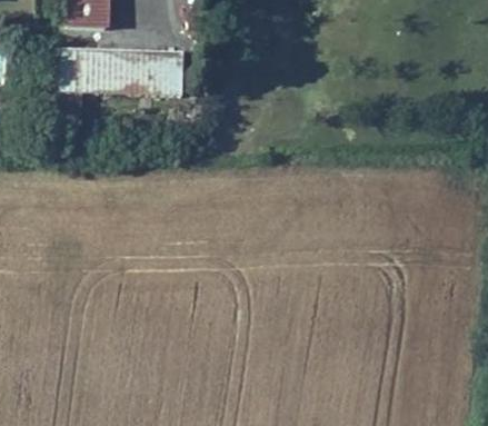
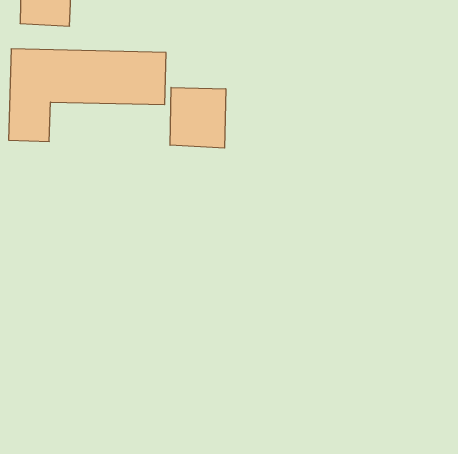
building: none -> [170,87,226,148]

